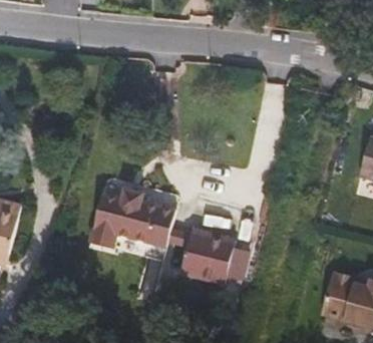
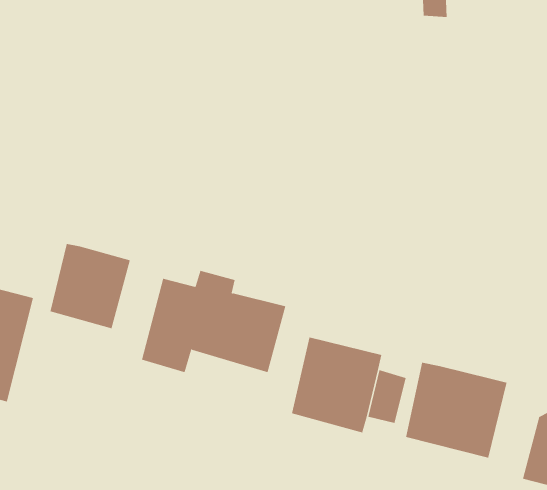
building: none -> [50,243,130,329]
building: none -> [406,362,507,459]

